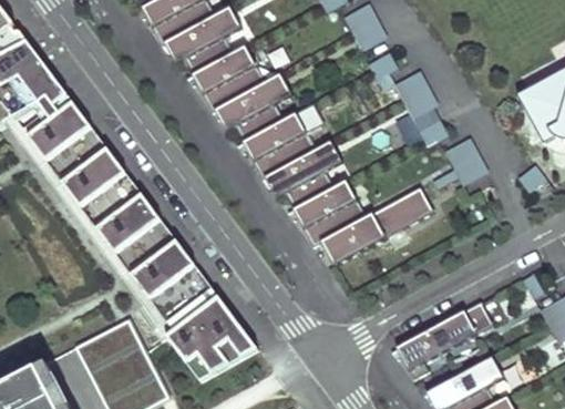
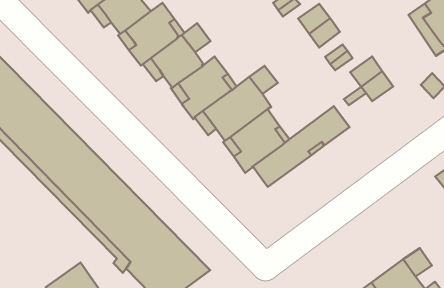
building: [401,301,493,379] -> none

